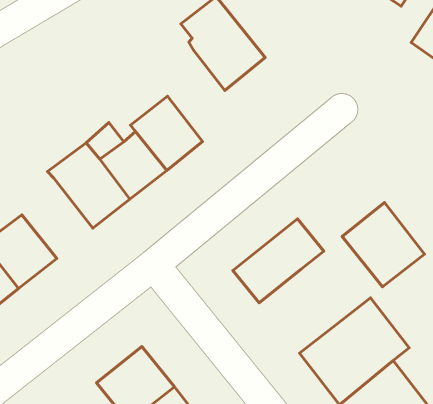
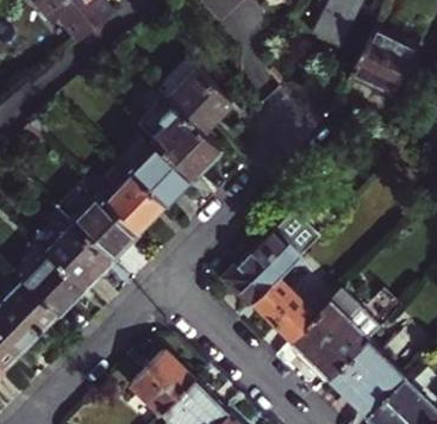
building: none -> [139,105,220,179]
building: none -> [46,224,111,289]
building: [342,202,424,287] -> [255,273,324,342]

